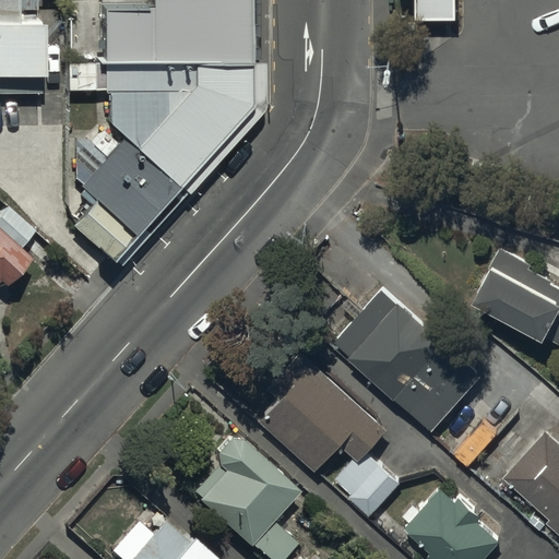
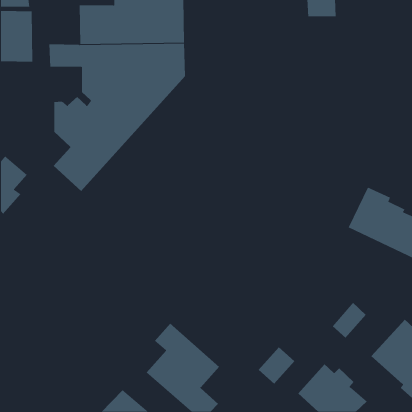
building: [335,294,477,431] -> none
building: [261,357,386,475] -> none

